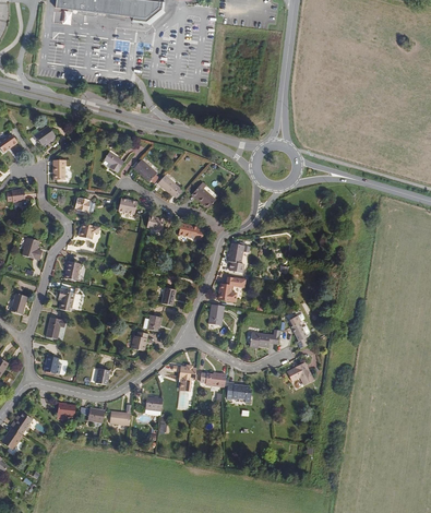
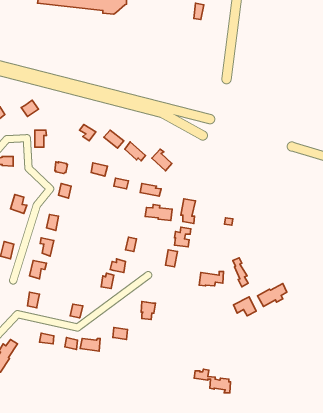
building: none -> [145,205,172,221]
building: none -> [257,284,287,307]
building: [207,372,251,401] -> [194,369,231,393]

